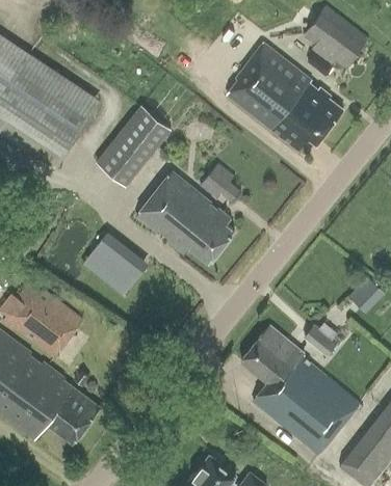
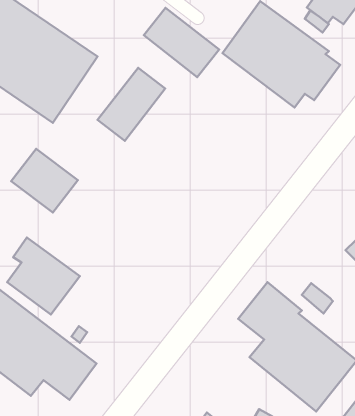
building: none -> [144,8,219,77]
building: [198,163,240,201] -> none
building: [135,171,233,263] -> none
building: [81,228,148,292] -> [11,149,78,212]

